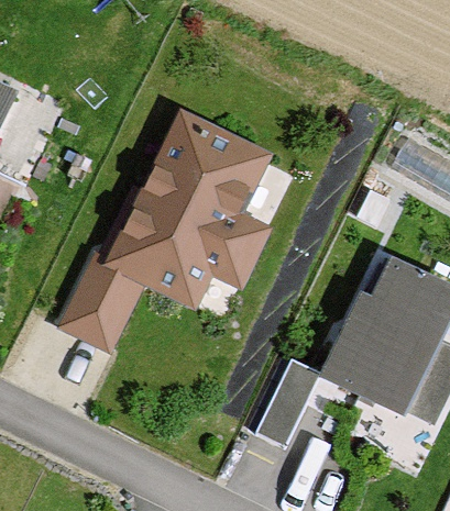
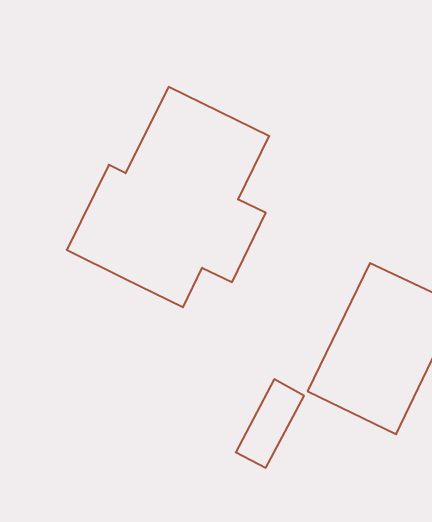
building: [62,249,150,345] -> none

